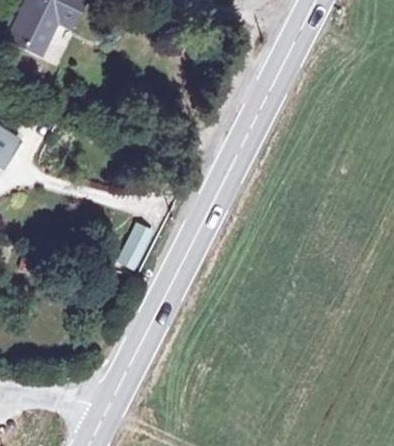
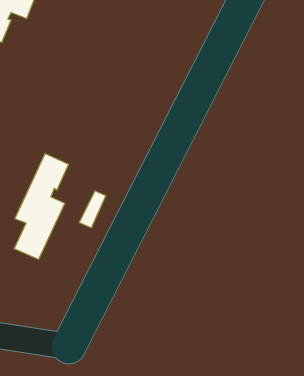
building: none -> [14,153,68,259]

